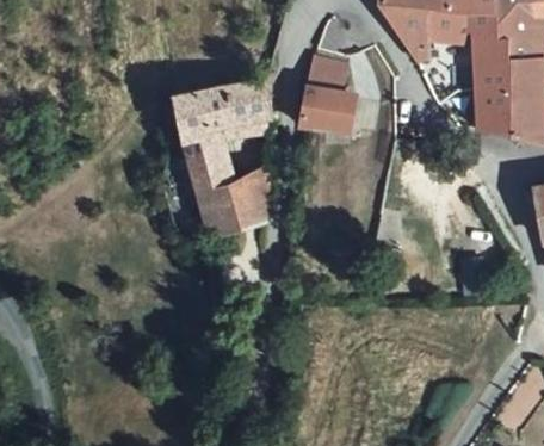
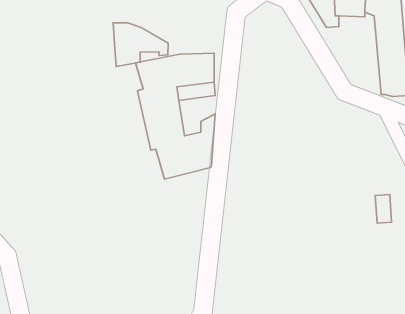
building: none -> [113,23,168,66]
building: [305,57,361,124] -> none

